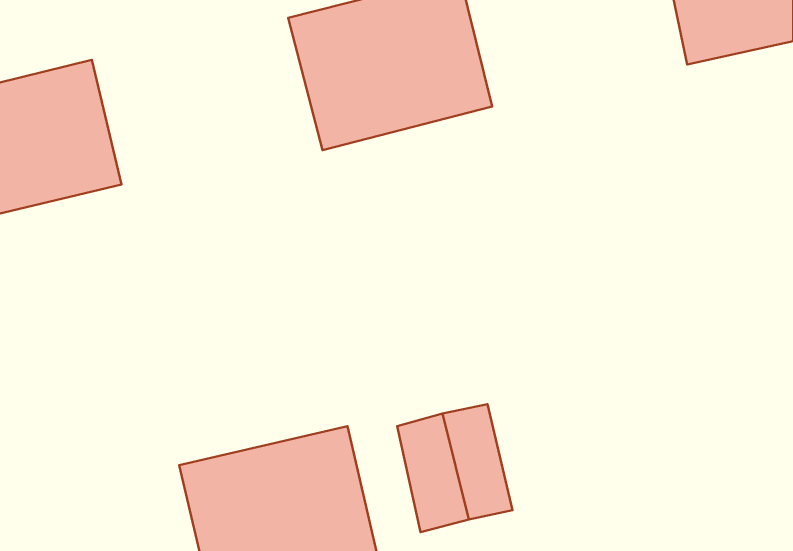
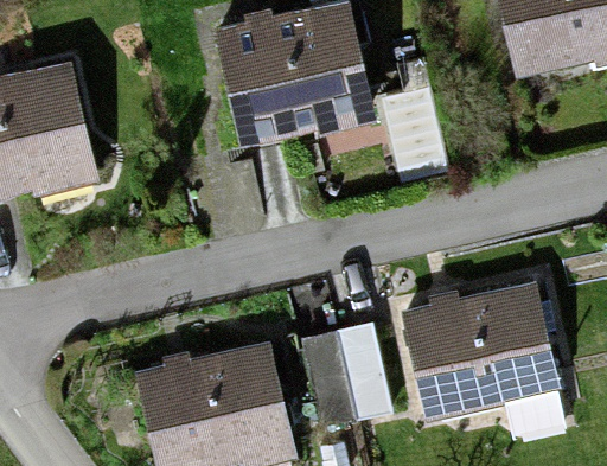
building: none -> [397,276,564,423]

